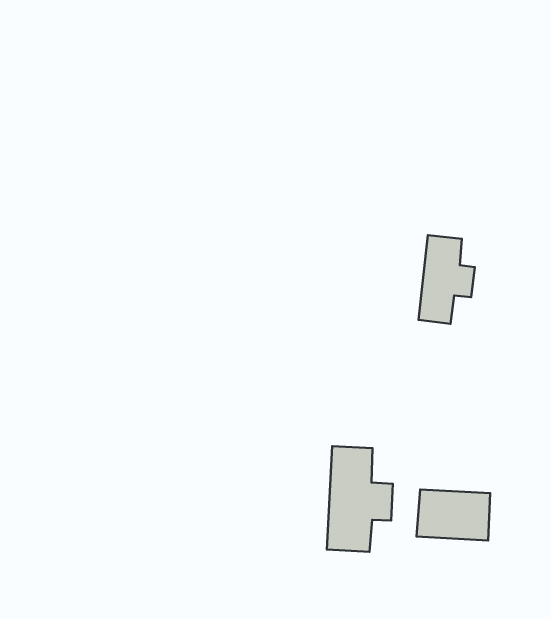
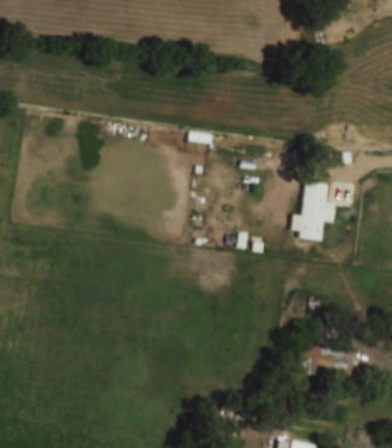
building: [327,446,393,552] -> none

